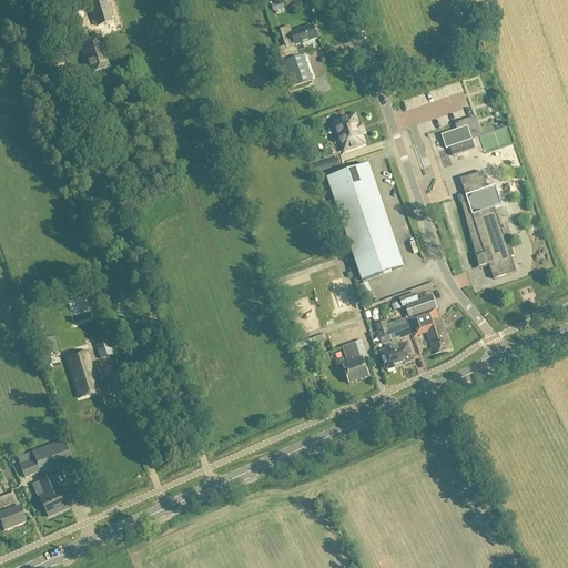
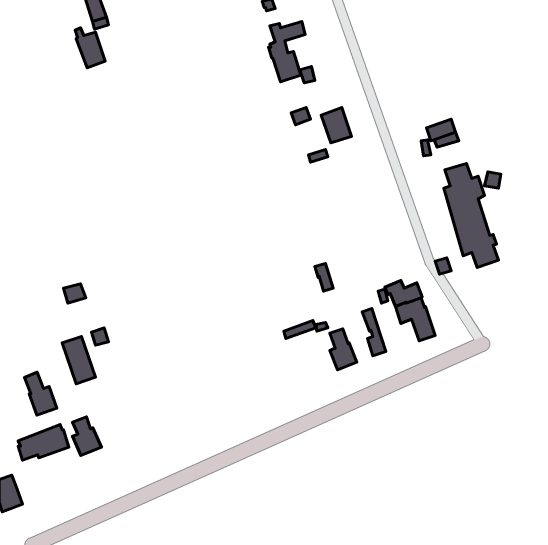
building: [326,161,403,277] -> none
building: [384,318,413,363] -> none
building: none -> [24,372,57,415]
building: [38,474,68,514] -> [72,417,101,456]

